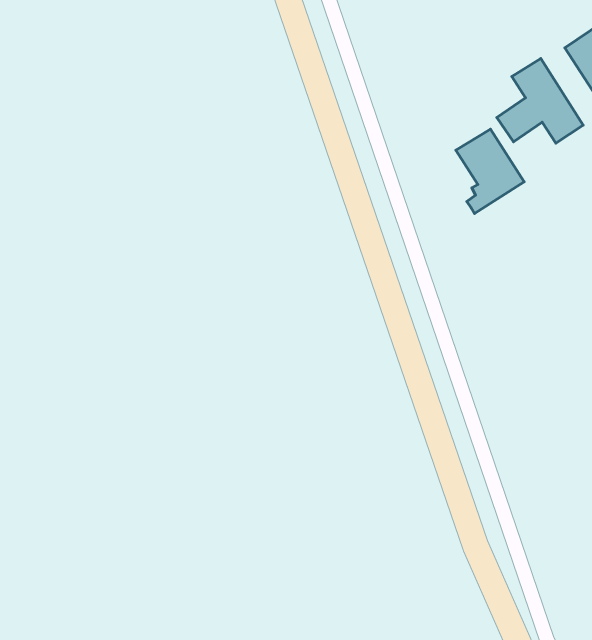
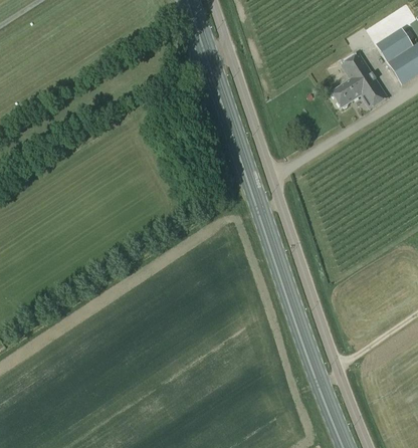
building: [456,129,524,214] -> none

